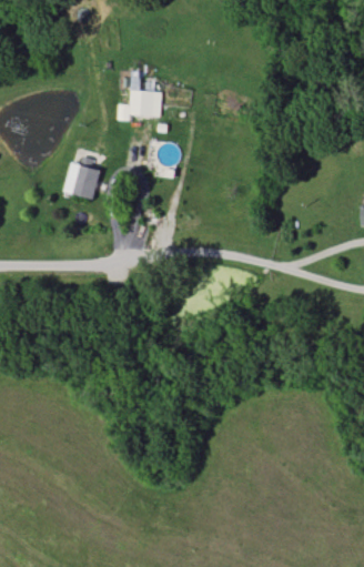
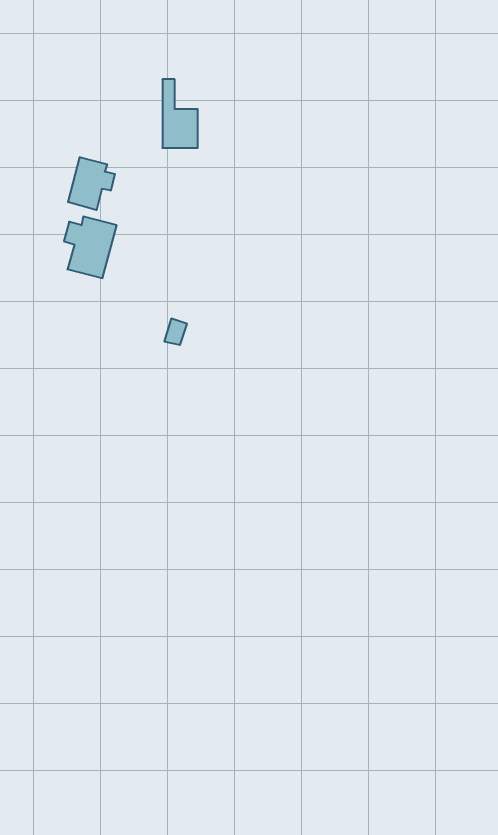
building: none -> [68,157,115,210]

